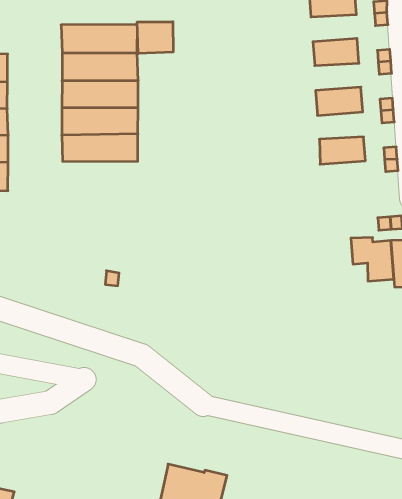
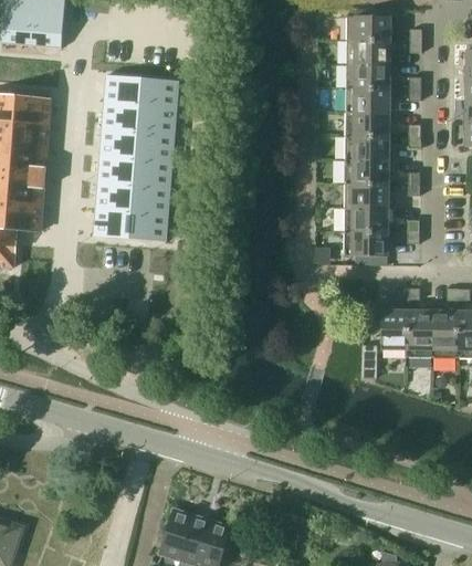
building: none -> [346,86,390,111]
building: [137,22,173,54] -> none
building: none -> [345,134,389,158]
building: none -> [345,182,389,207]
building: none -> [344,230,388,254]
building: none -> [92,208,167,241]

